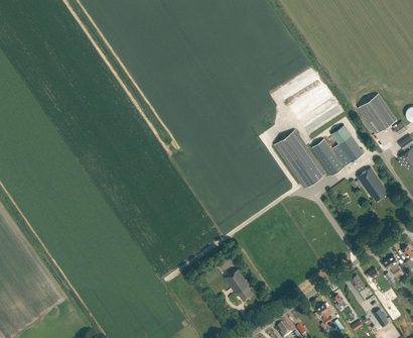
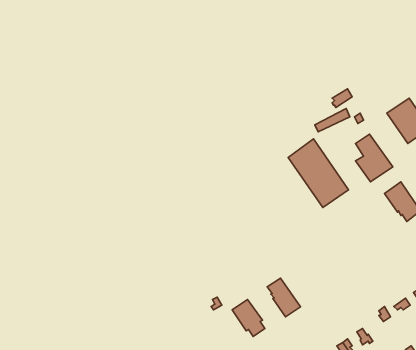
building: [311,138,343,176] -> none
building: none -> [267,278,300,317]

